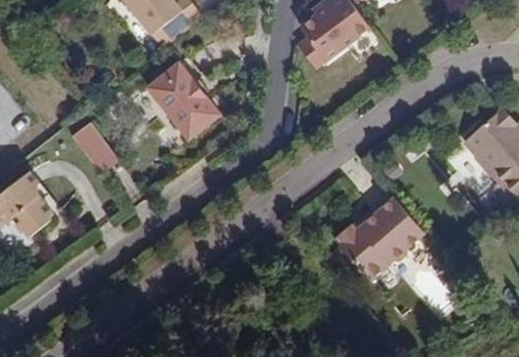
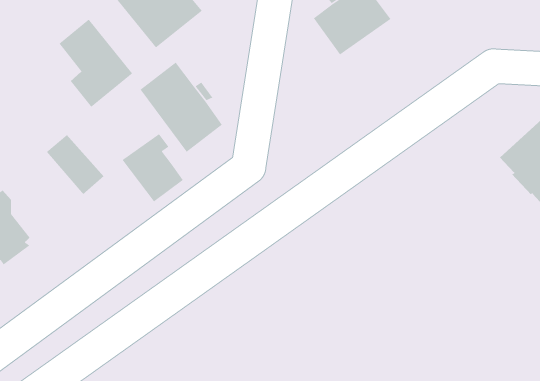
building: none -> [59,19,133,108]
building: none -> [122,133,184,203]
building: [336,198,426,285] -> none

